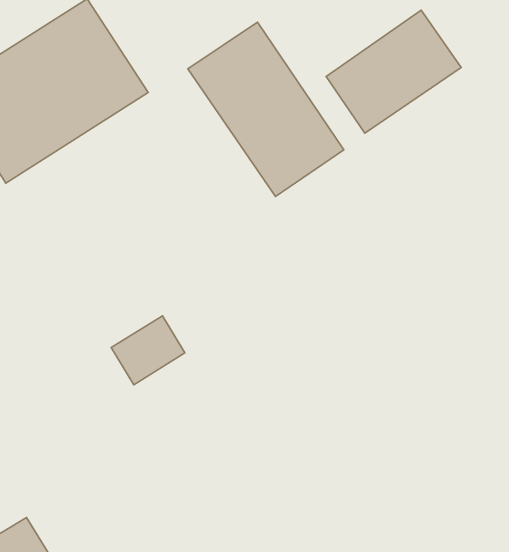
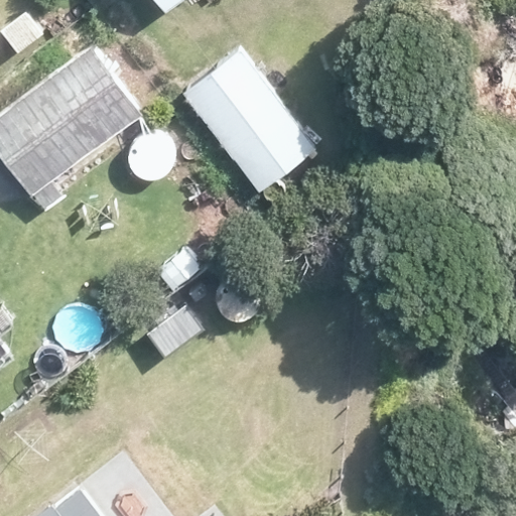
building: [326,10,461,133] -> none

